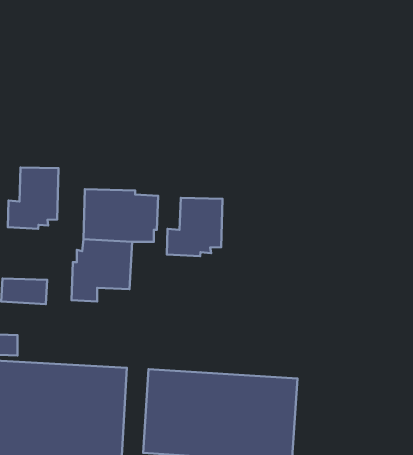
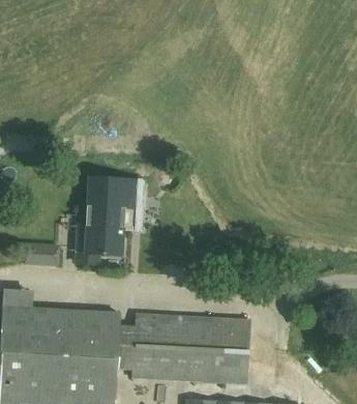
building: [8,167,59,229] -> none
building: [167,198,222,256] -> none

